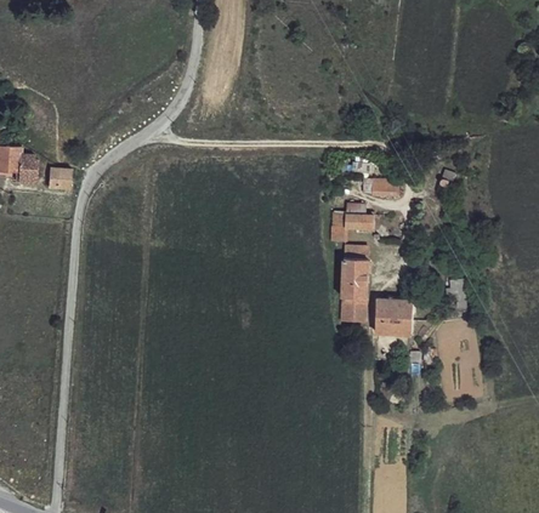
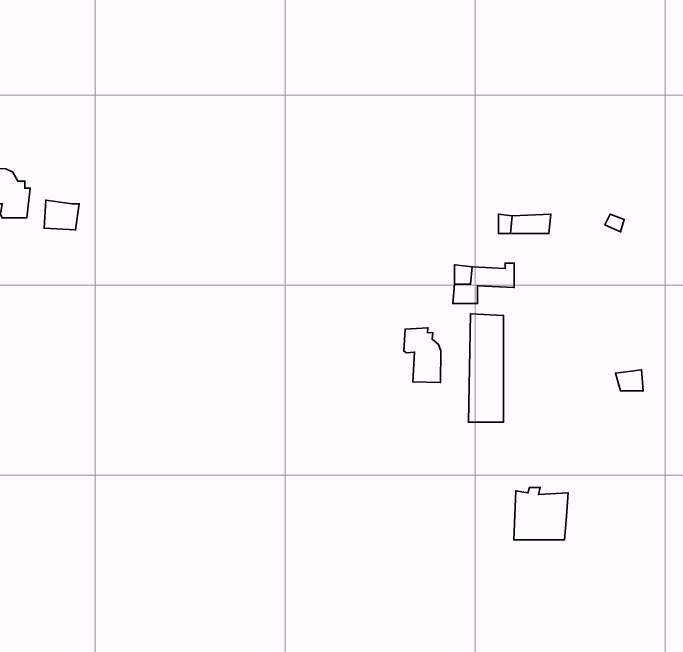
building: none -> [404,328,441,382]
building: [376,295,414,331] -> [514,487,568,540]

